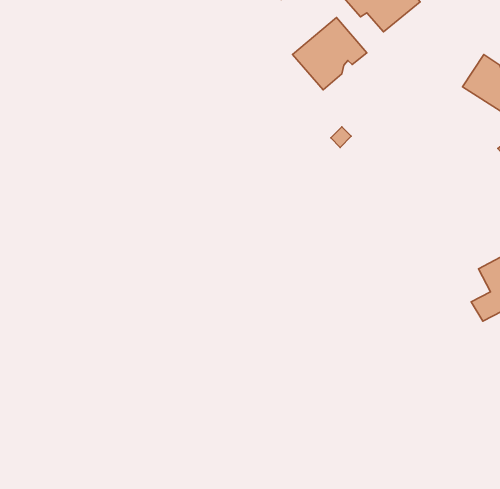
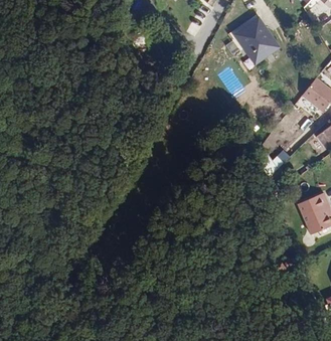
building: [293,18,367,90] -> none

